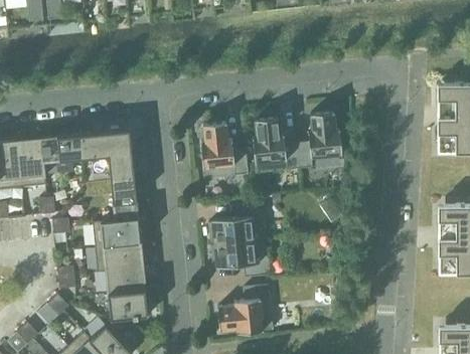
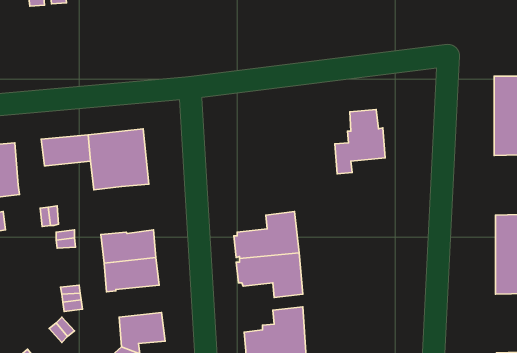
building: [253,118,300,173] -> none
building: [201,123,249,178] -> none
building: [17,139,46,187] -> none
building: [111,178,139,221] -> none
building: [106,267,146,295] -> none

